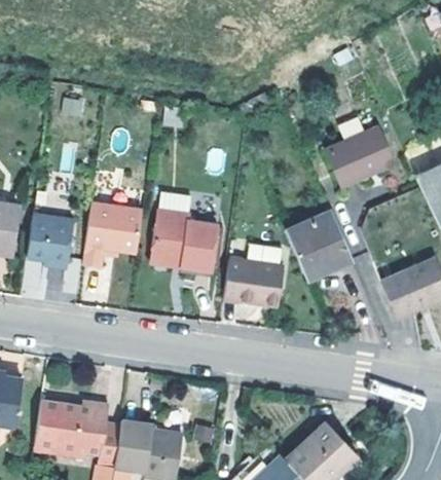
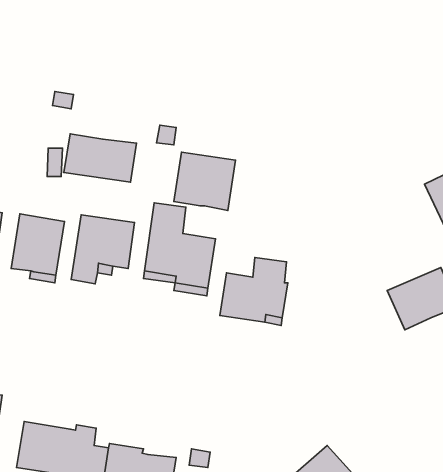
building: [324,117,388,187] -> none
building: none -> [64,134,137,182]
building: none -> [174,152,236,211]
building: [285,209,352,279] -> none

